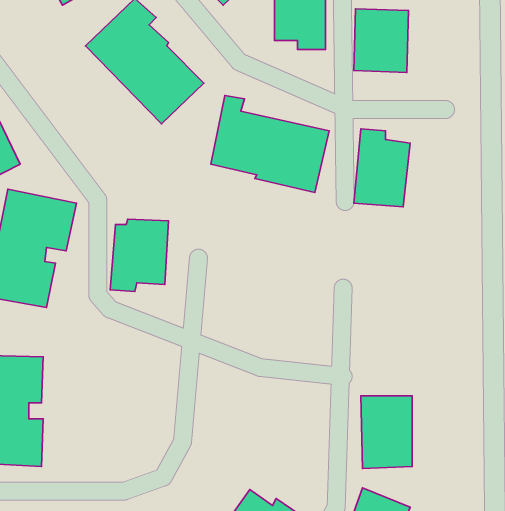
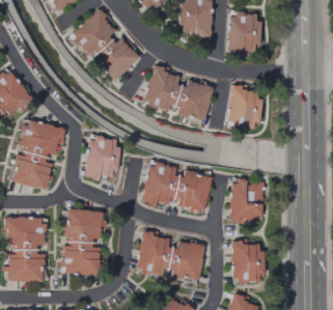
building: none -> [143,162,211,213]
building: none -> [229,180,262,223]
building: none -> [62,209,103,275]
building: none -> [137,231,204,280]

